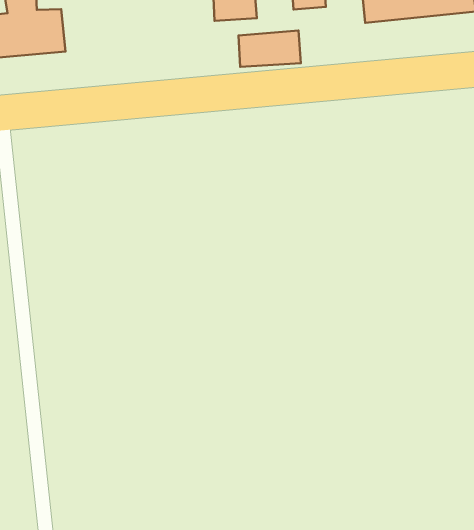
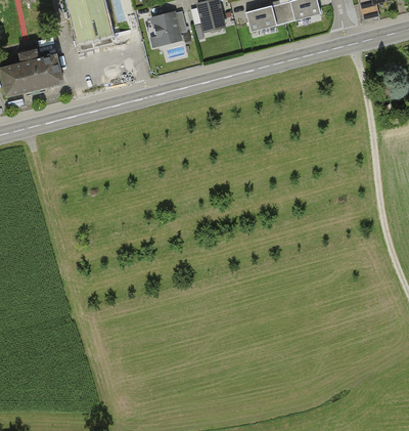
building: [239,31,301,67] -> none

